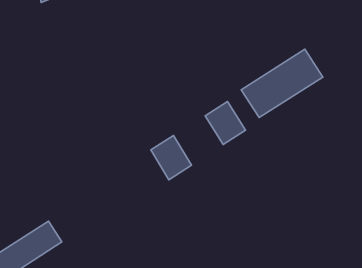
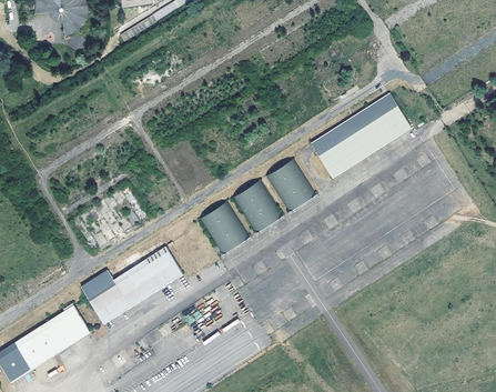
building: none -> [233,180,283,233]
building: none -> [81,240,183,323]

